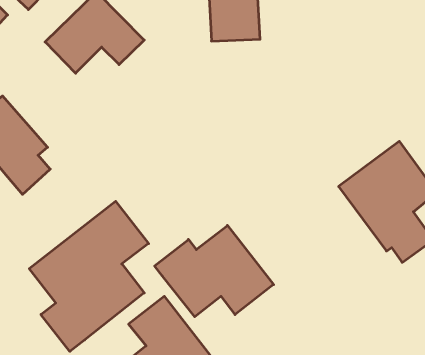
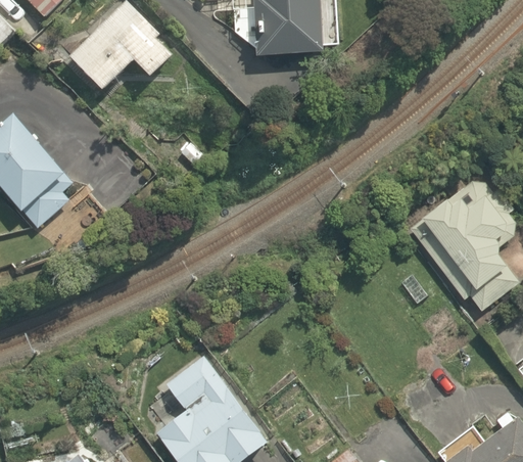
building: [29,201,149,351] -> none
building: [155,225,274,317] -> none

